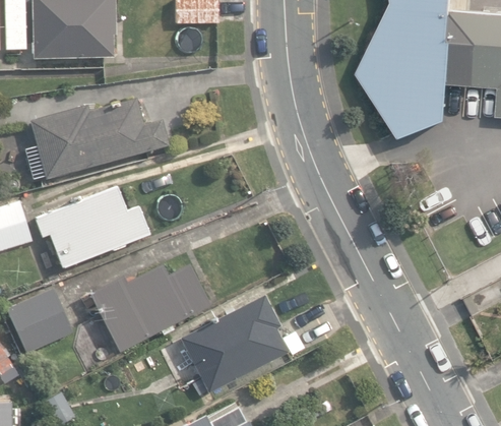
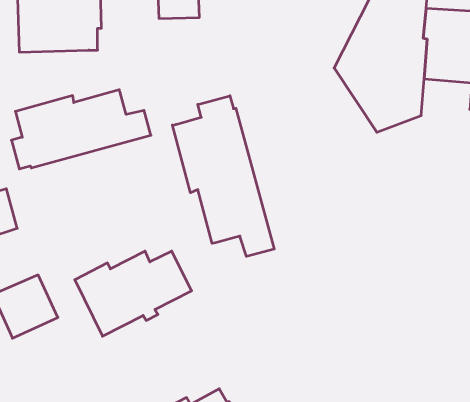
building: none -> [172,96,274,256]
building: [34,186,148,267] -> none
building: [180,294,288,392] -> none

